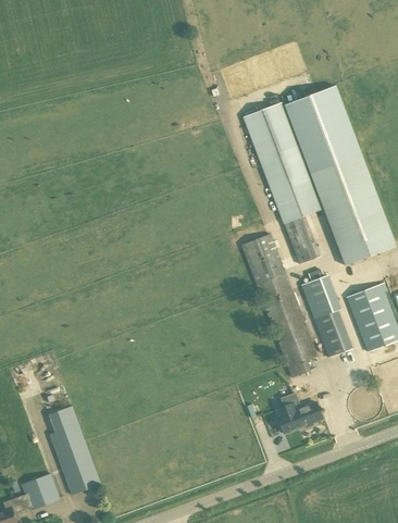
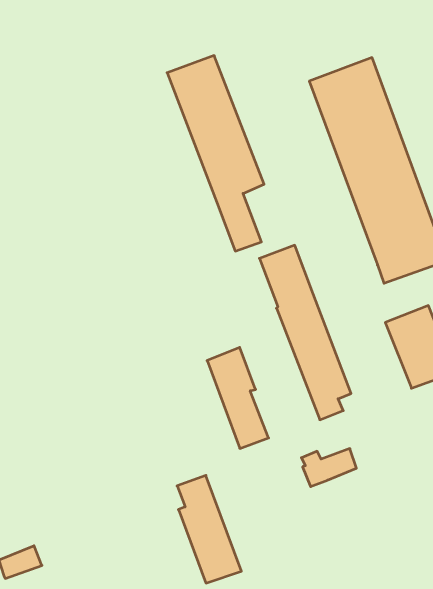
building: [241,101,322,263] -> [167,56,264,251]
building: [300,273,351,357] -> [207,347,269,448]
building: [47,404,100,494] -> [177,475,241,583]

